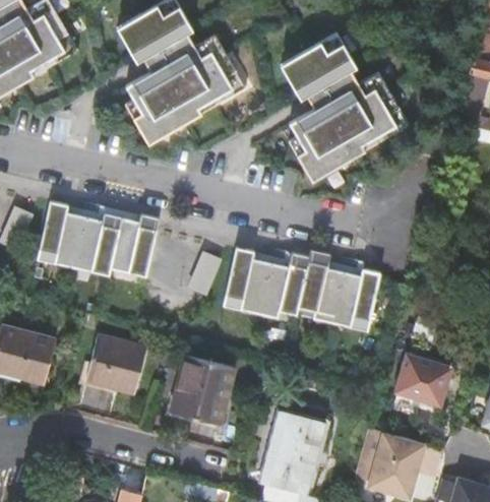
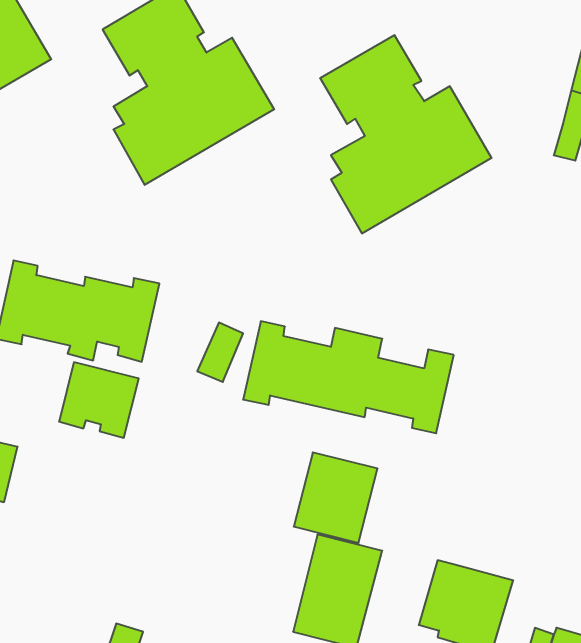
building: [85,336,145,393] -> [59,362,139,438]
building: [393,353,450,406] -> none
building: [170,357,233,425] -> [294,452,378,543]

